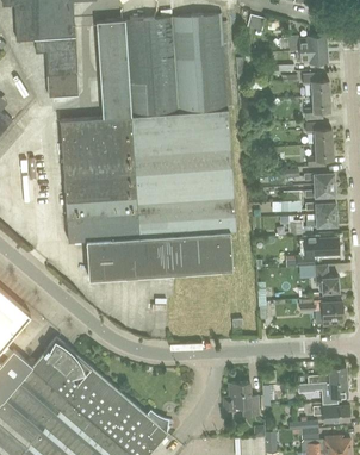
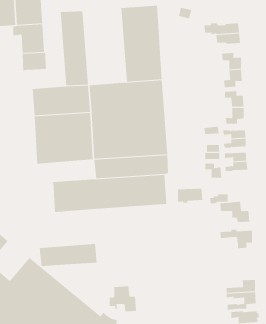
building: [125,18,180,117] -> none
building: [66,212,141,242] -> [39,243,98,267]
building: [304,238,337,257] -> [177,188,203,203]
building: [223,384,259,417] -> [109,286,137,312]

